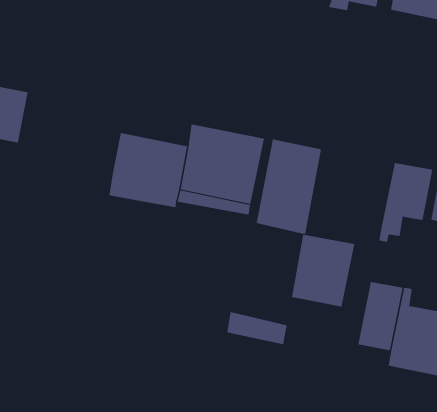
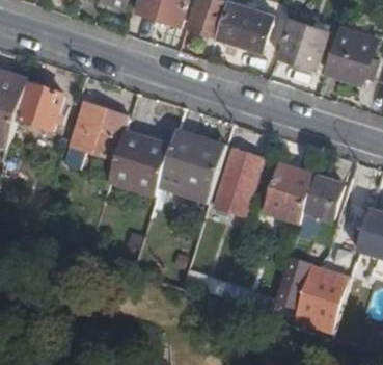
building: none -> [64,104,128,173]
building: [291,234,355,307] -> [265,166,314,221]

